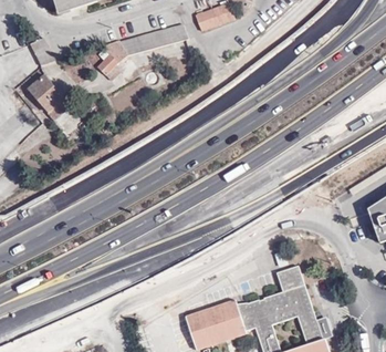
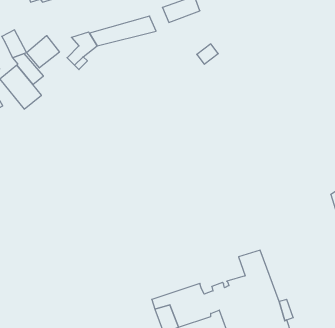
building: none -> [26,36,59,68]

